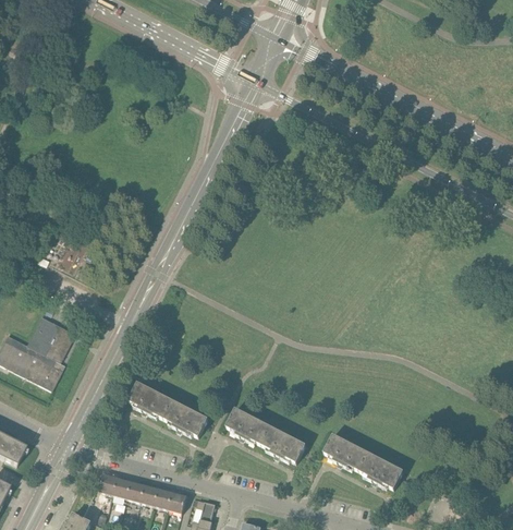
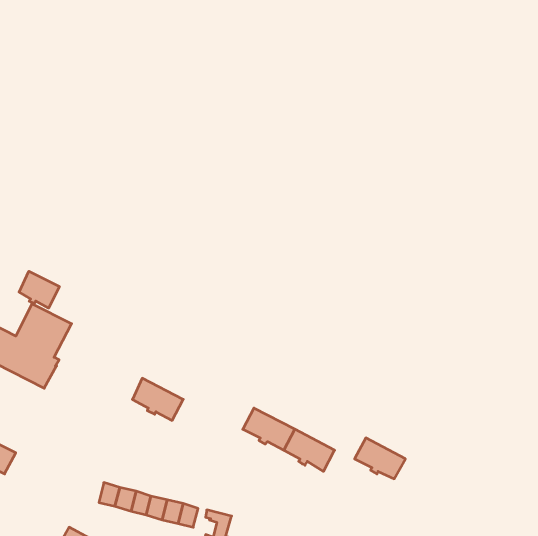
building: none -> [19,271,59,308]
building: [163,400,208,437] -> none
building: [358,453,404,489] -> none

